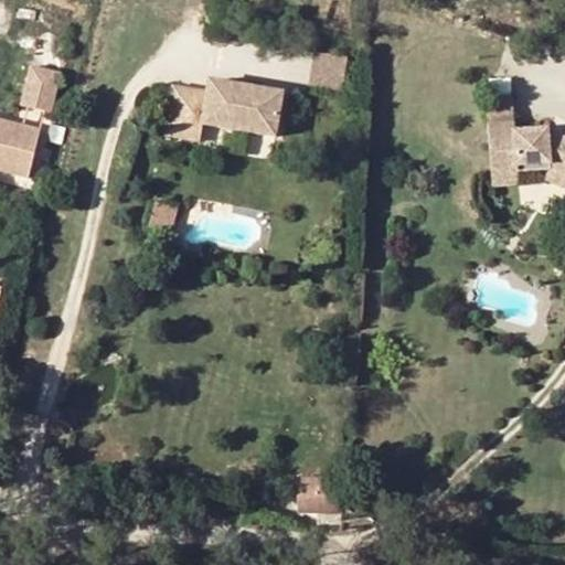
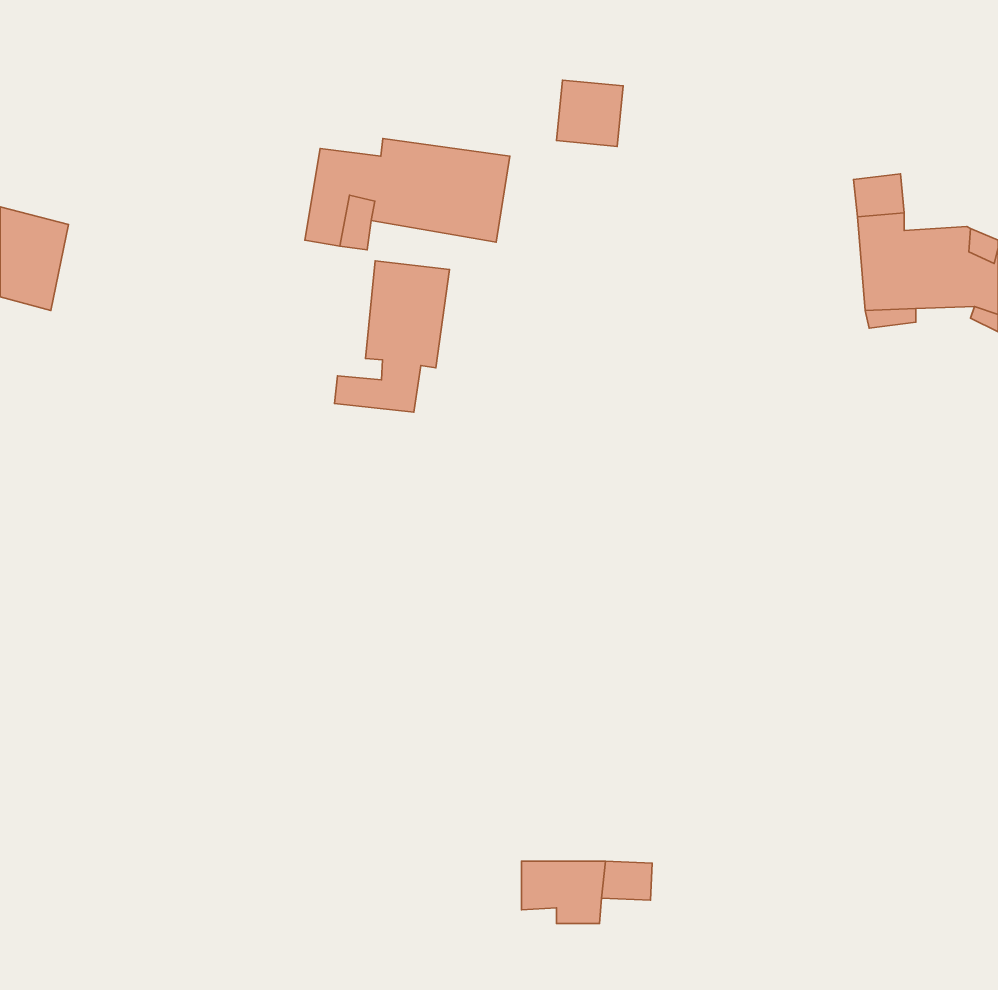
building: [23,62,57,105] -> none
building: none -> [334,261,450,412]

